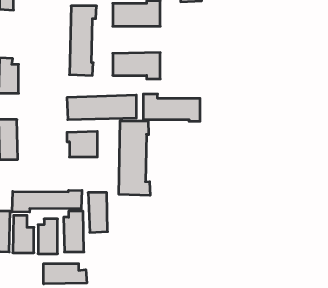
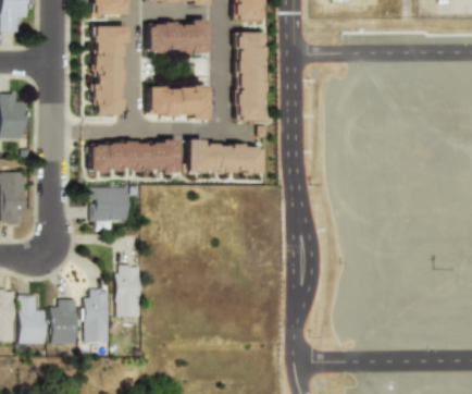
building: none -> [234,32,263,121]
building: [119,121,150,195] -> none
building: [12,190,82,212] -> none
building: [44,264,87,284] -> none

